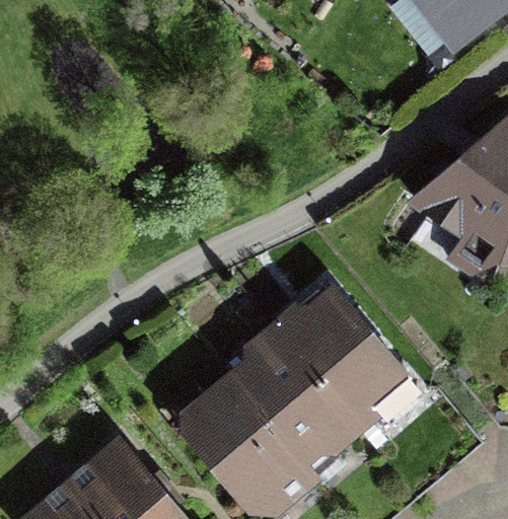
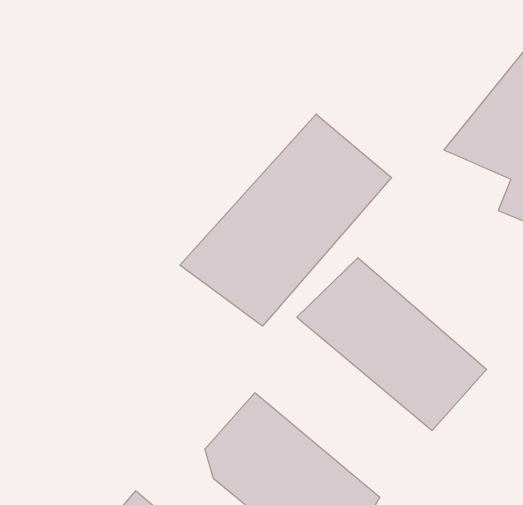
building: none -> [180,114,392,326]
building: [229,321,366,476] -> none

